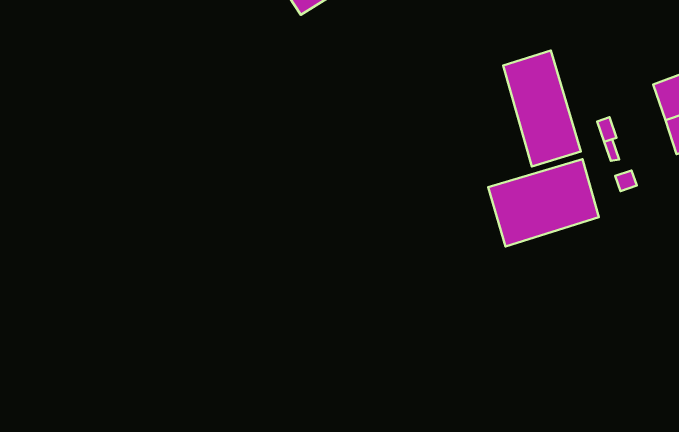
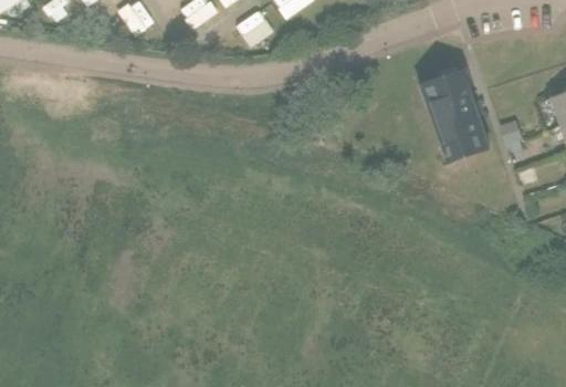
building: [488,159,599,246] -> none

